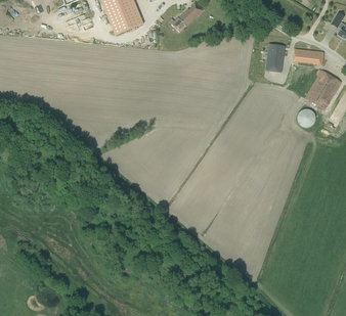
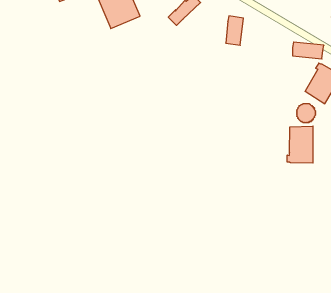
building: [266,44,284,73] -> [226,16,243,45]
building: none -> [287,126,313,163]

